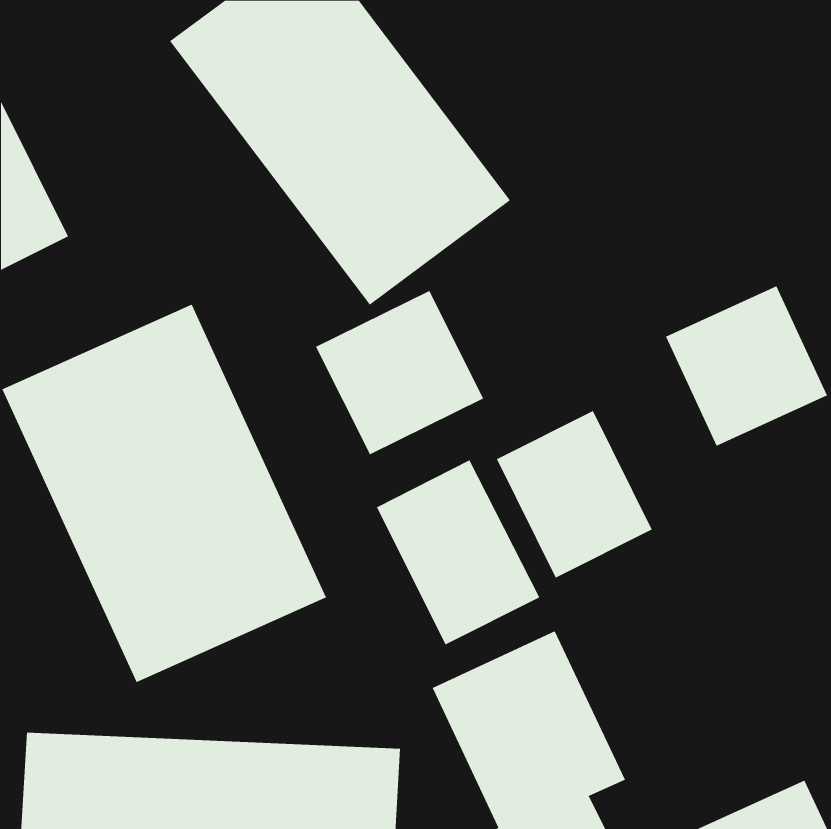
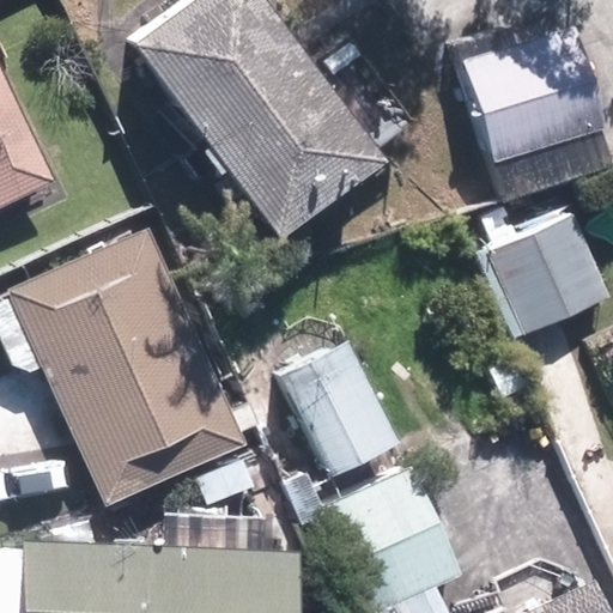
building: none -> [459,29,605,163]
building: [315,290,484,455] -> none
building: [496,410,653,578] -> none

